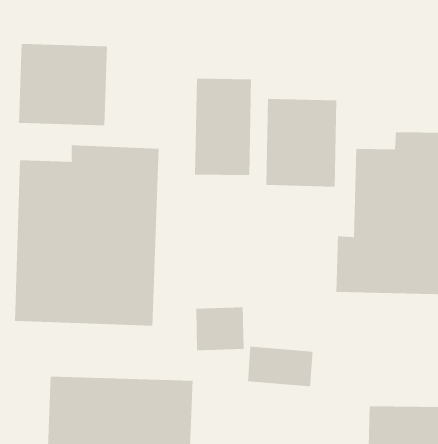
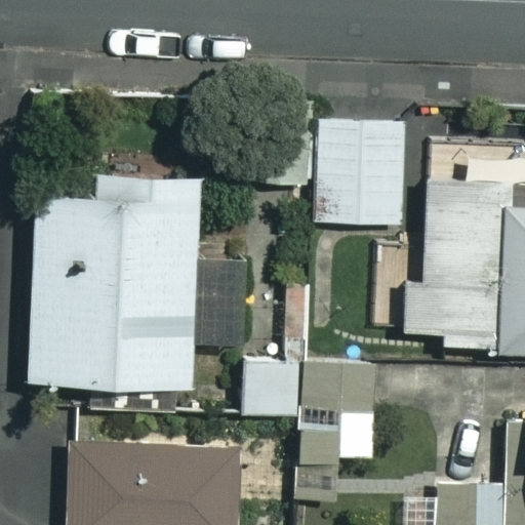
building: [18,43,108,126] -> none
building: [194,78,252,176] -> none

